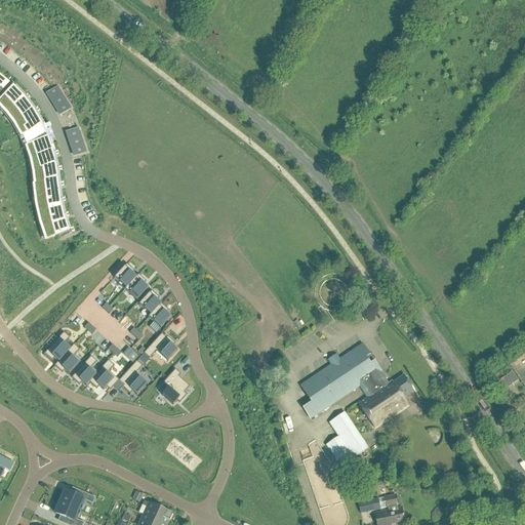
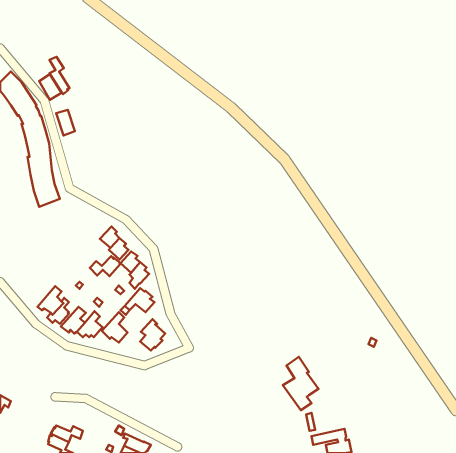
building: none -> [49,57,69,94]
building: none -> [90,256,120,276]
building: [299,342,413,427] -> none

